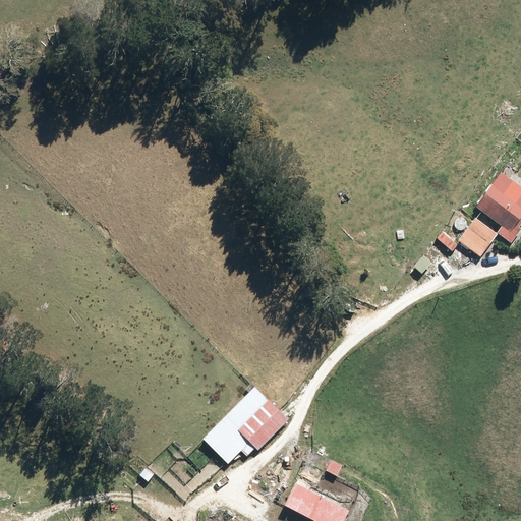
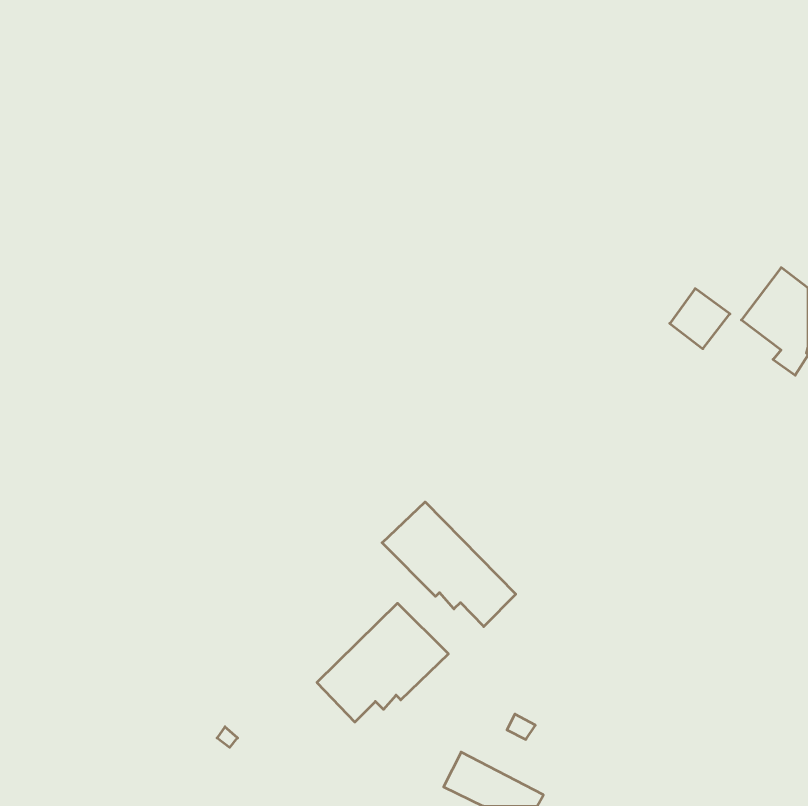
building: [458,217,497,255] -> [670,289,730,349]
building: none -> [382,502,516,627]

